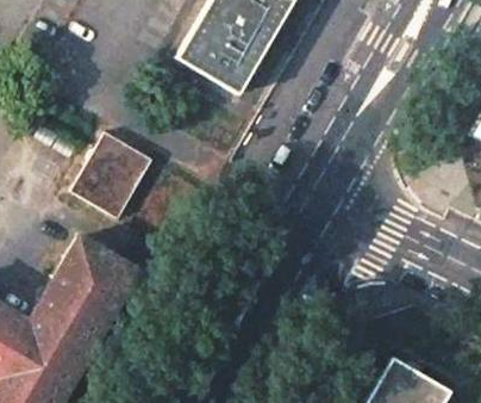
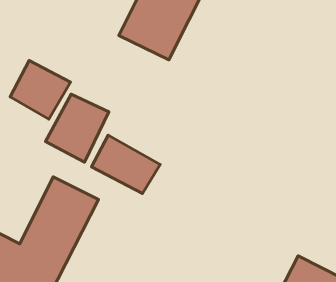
building: none -> [10,60,71,119]
building: none -> [91,135,160,194]

